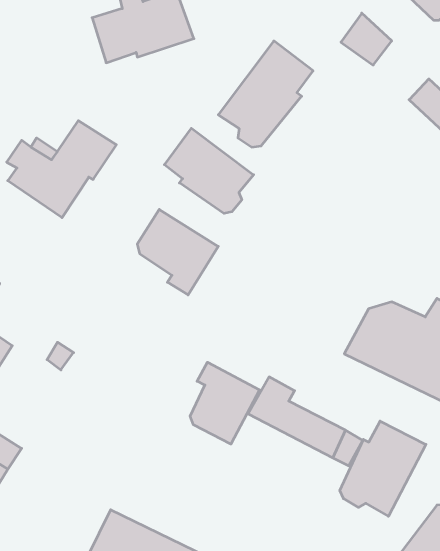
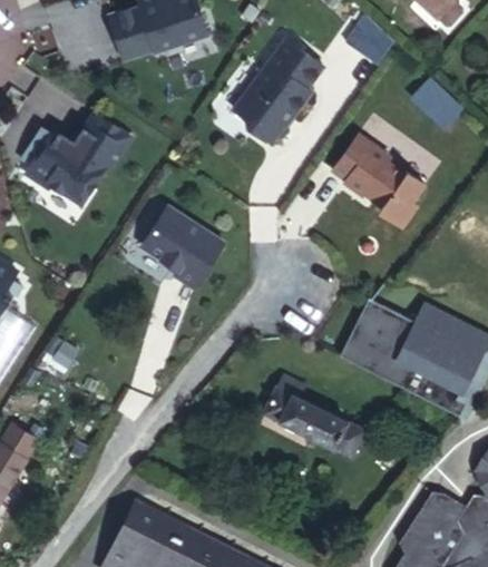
building: [164,128,254,213] -> none
building: none -> [331,136,423,231]
building: [190,362,259,444] -> none
building: [340,421,426,516] -> none

